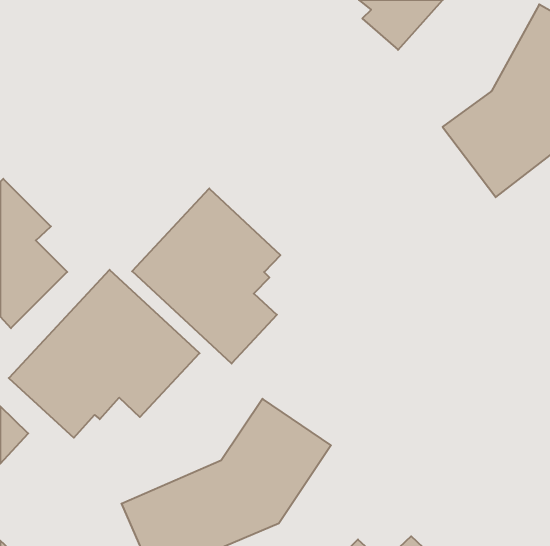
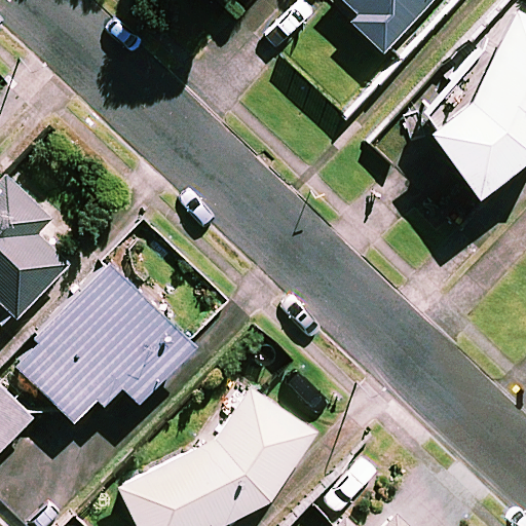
building: [132,188,280,364] -> none

